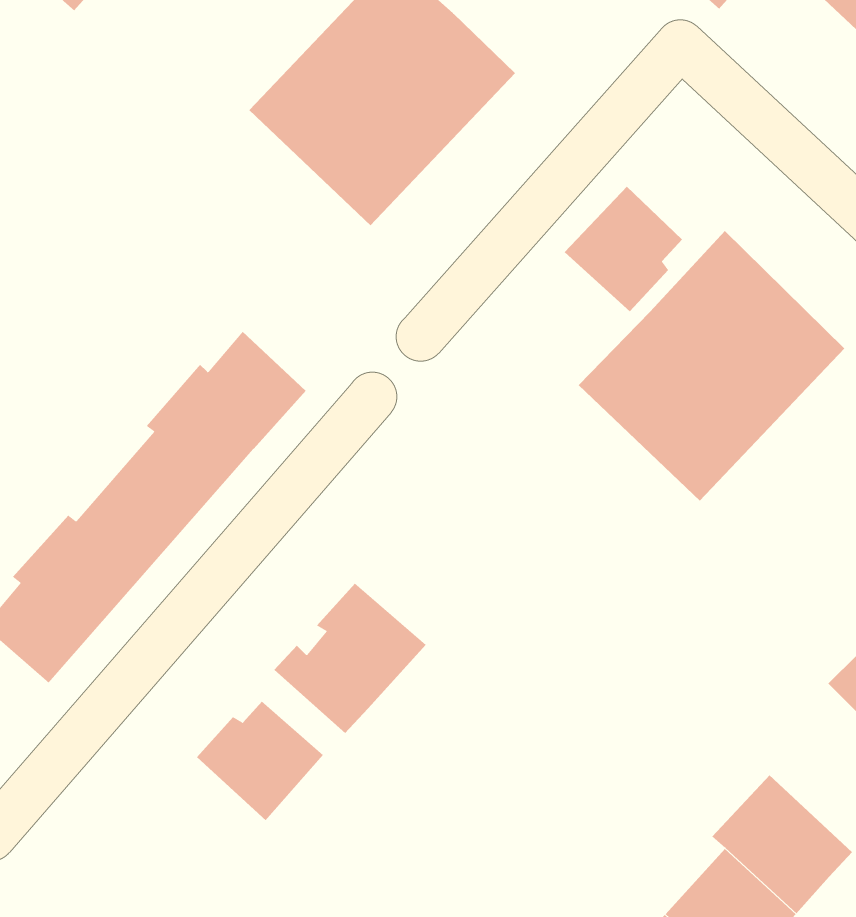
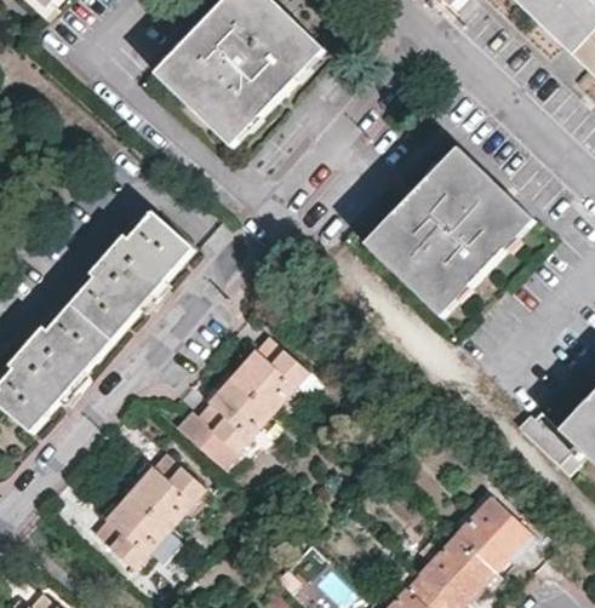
building: [564,186,683,312] -> none
building: none -> [224,332,303,407]
building: none -> [96,477,168,557]

